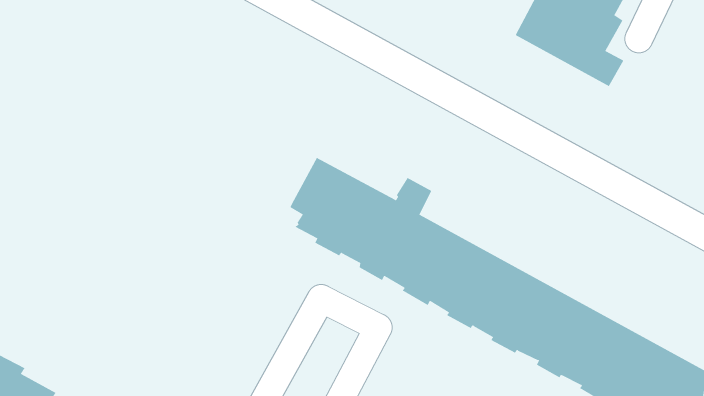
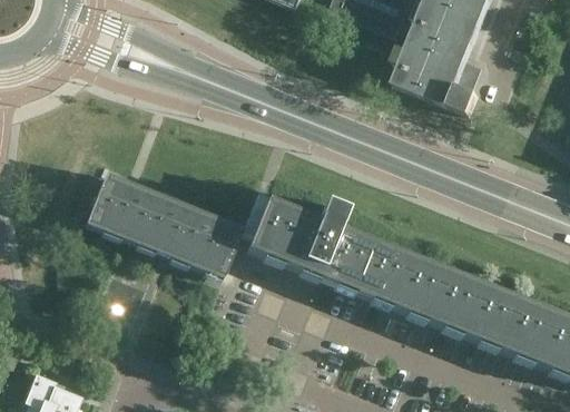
building: none -> [80,165,238,274]

